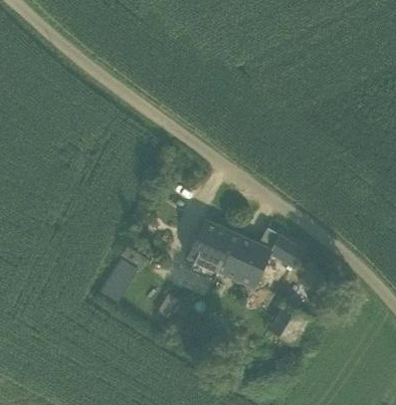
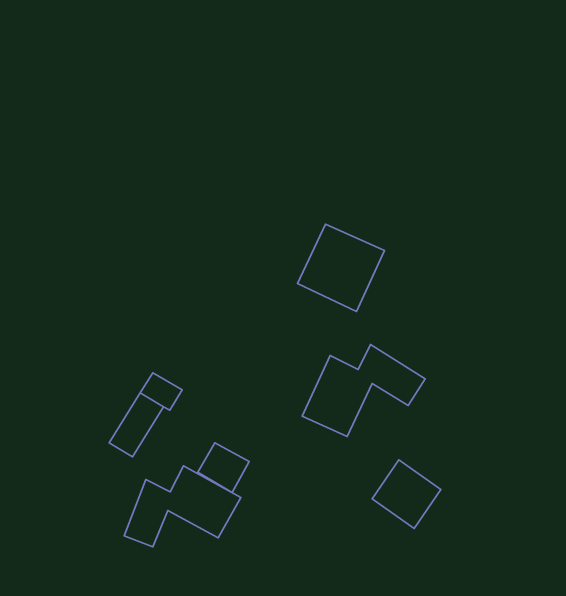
building: [186,220,242,276] -> [297,224,385,311]
building: none -> [124,466,241,547]

